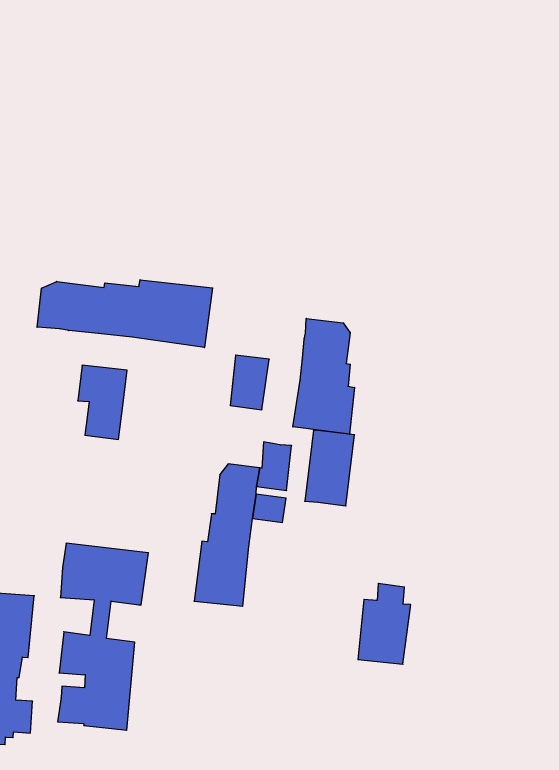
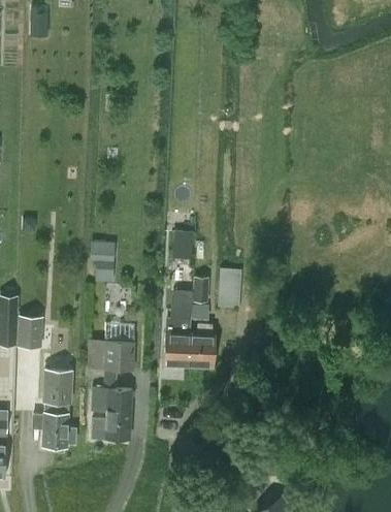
building: [37,280,213,348] -> none
building: [293,318,355,434] -> none
building: [358,583,411,664] -> [189,325,216,369]

